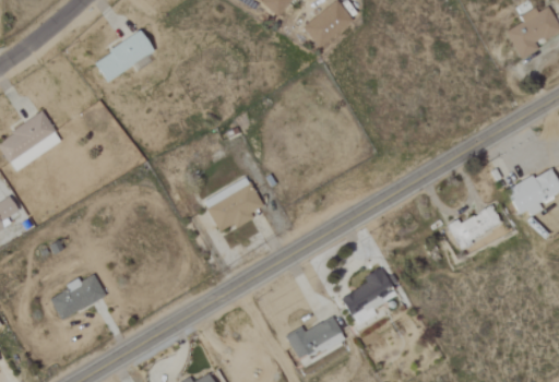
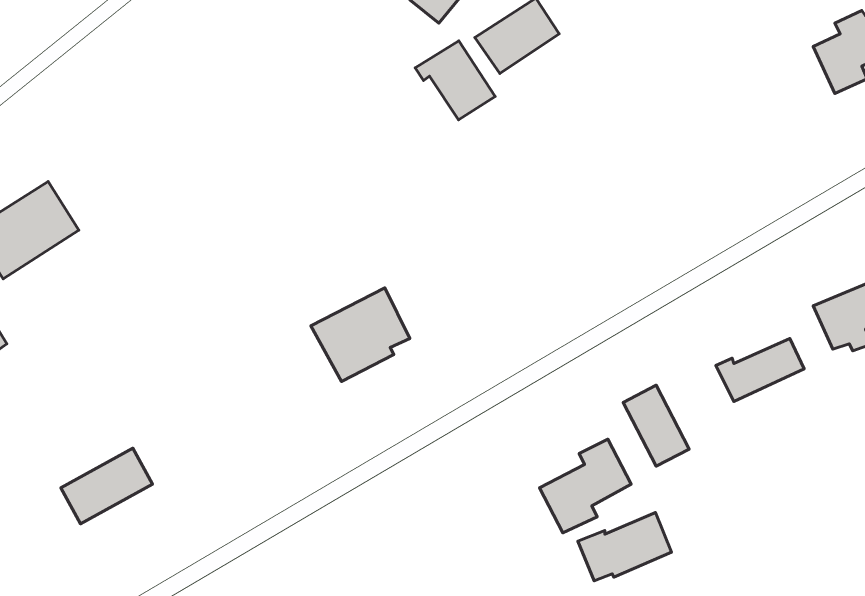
building: none -> [415,41,495,120]
building: [94,33,154,81] -> none
building: none -> [623,385,689,466]
building: [288,318,345,359] -> [578,512,672,581]

